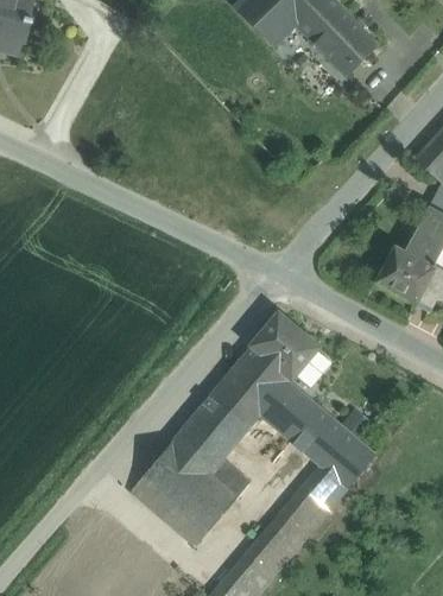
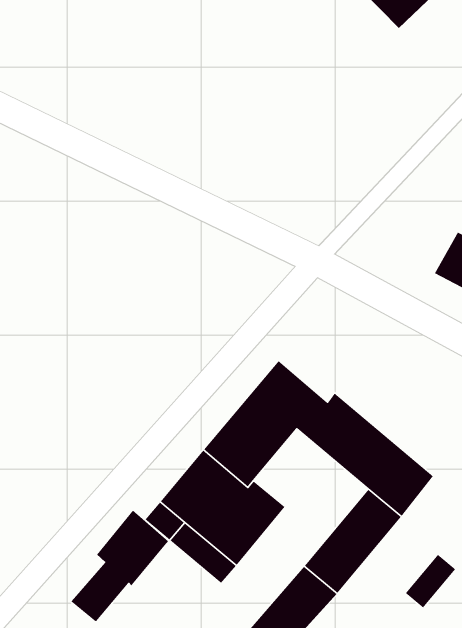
building: [243,315,317,392] -> none
building: none -> [71,509,169,622]
building: none -> [405,554,456,608]

